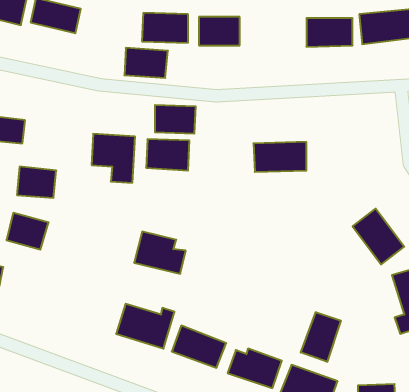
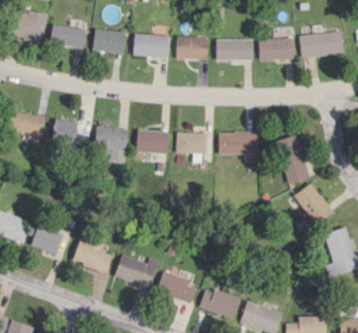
building: none -> [217,39,254,60]
building: [124,48,168,78] -> [94,30,127,53]
building: [155,105,196,134] -> [177,132,208,154]
building: none -> [276,135,308,184]
building: [17,167,56,198] -> [54,120,84,143]
building: [6,213,49,250] -> [32,226,64,254]
building: [134,232,186,274] -> [73,239,112,271]
building: [301,312,341,362] -> none

